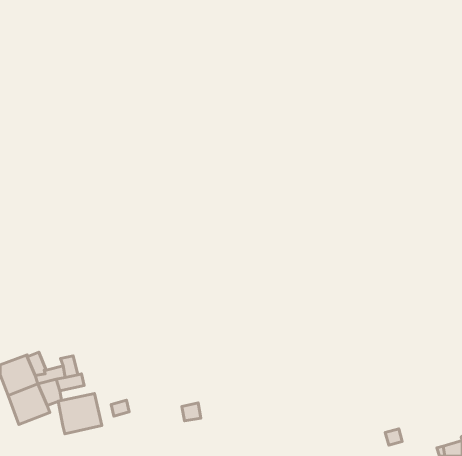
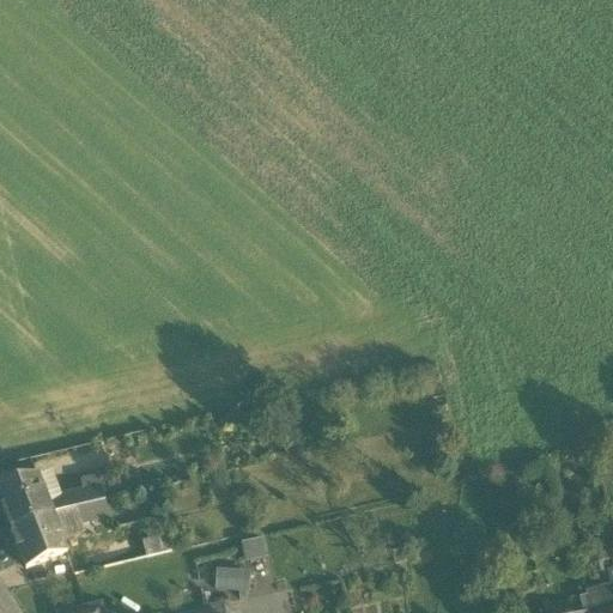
building: [58,394,102,434] -> none
building: none -> [214,565,250,588]

